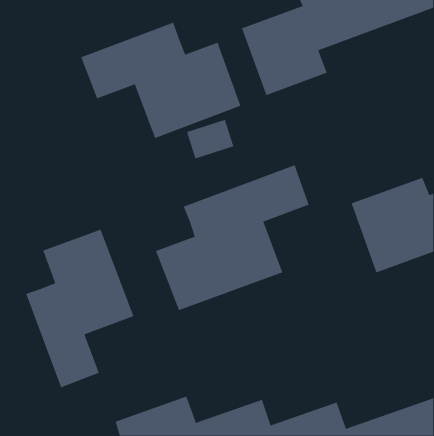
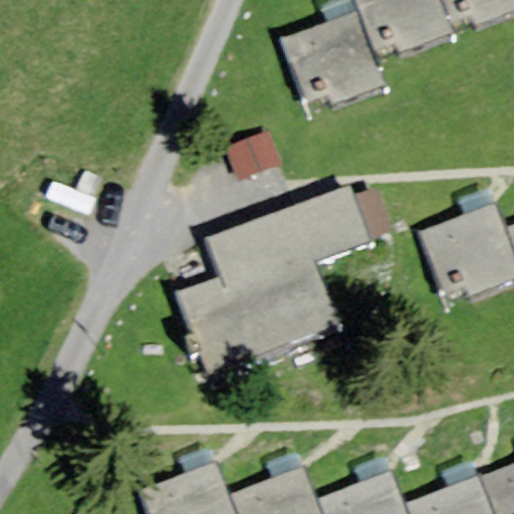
building: [80,22,241,139] -> none
building: [25,229,134,388] -> none

